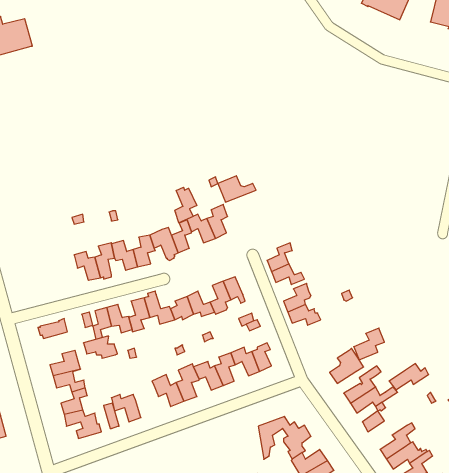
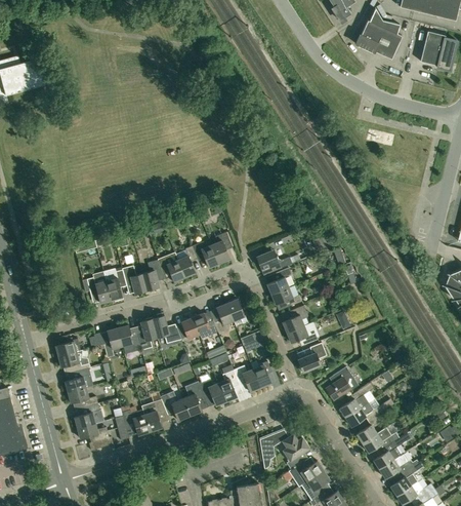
building: [218,176,256,202] -> [256,249,292,274]
building: [175,187,197,223] -> none
building: [354,328,384,360] -> [298,342,327,372]
building: [83,336,117,358] -> [58,350,90,371]
building: [389,364,429,390] -> [362,427,399,452]
building: none -> [141,398,166,430]

